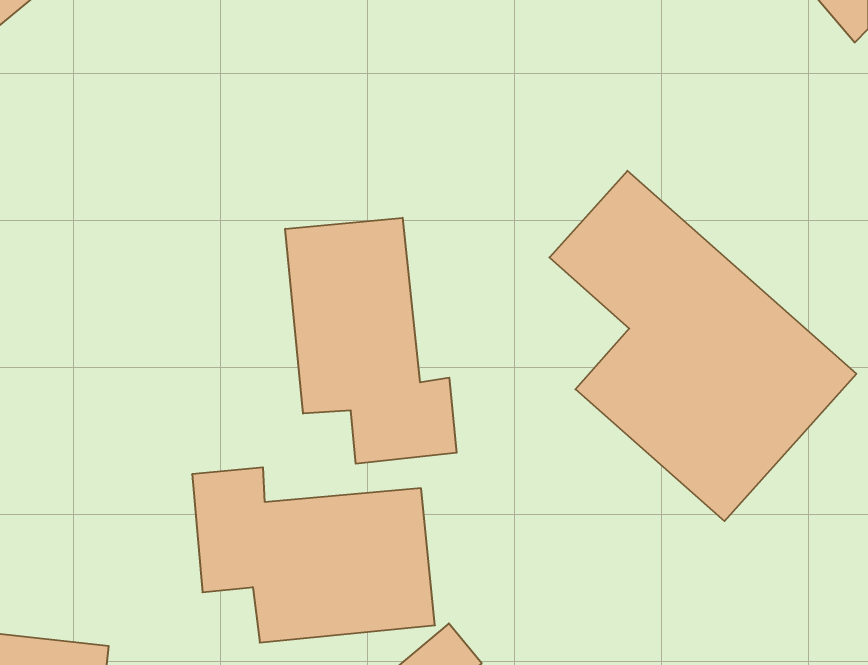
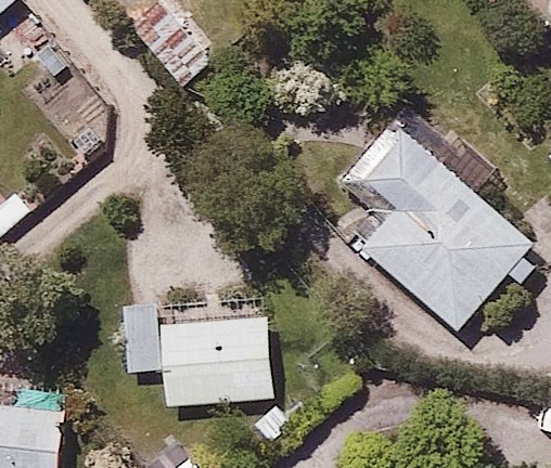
building: [285,218,457,464] -> none

